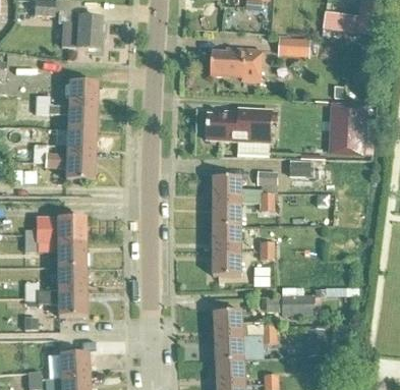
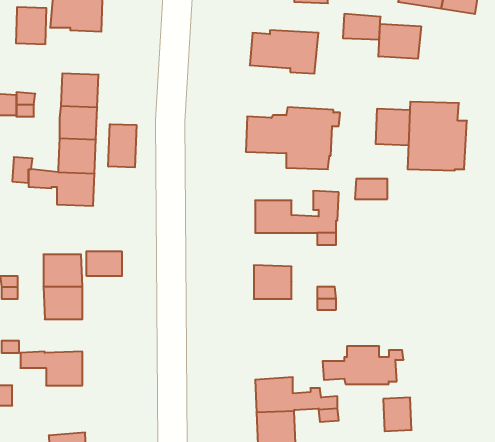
building: none -> [16,7,46,44]
building: none -> [378,24,421,59]
building: none -> [376,109,410,145]
building: none -> [108,124,136,167]
building: [214,201,242,226] -> none
building: none -> [86,251,122,276]
building: [214,250,242,275] -> none
building: [56,266,84,291] -> none

